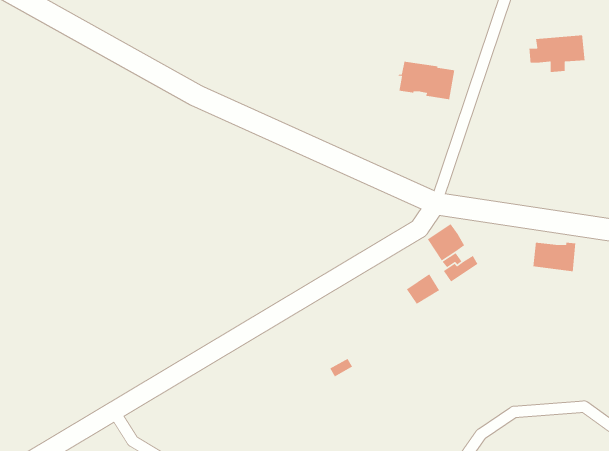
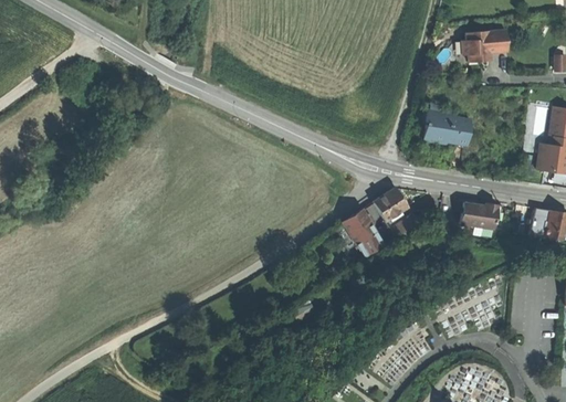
building: [397,61,455,100] -> [421,112,470,145]
building: none -> [344,210,377,244]

